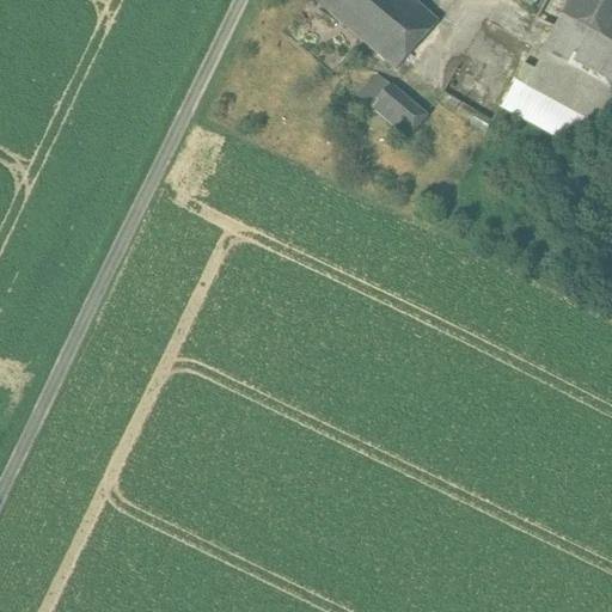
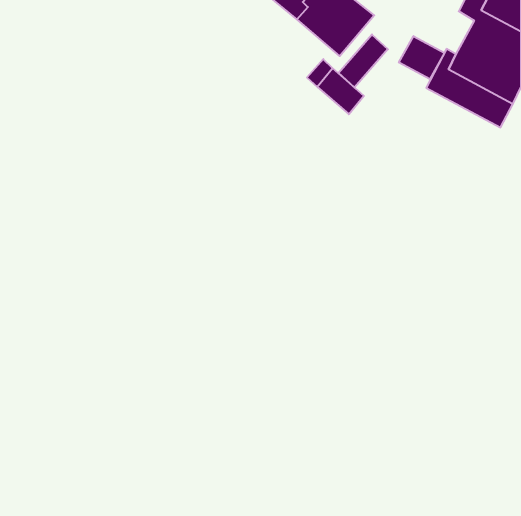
building: none -> [338,34,388,88]
building: none -> [399,36,445,79]

